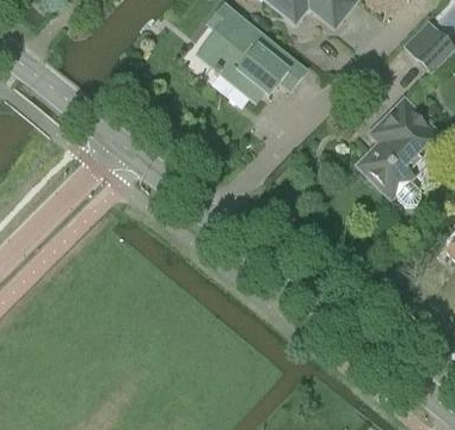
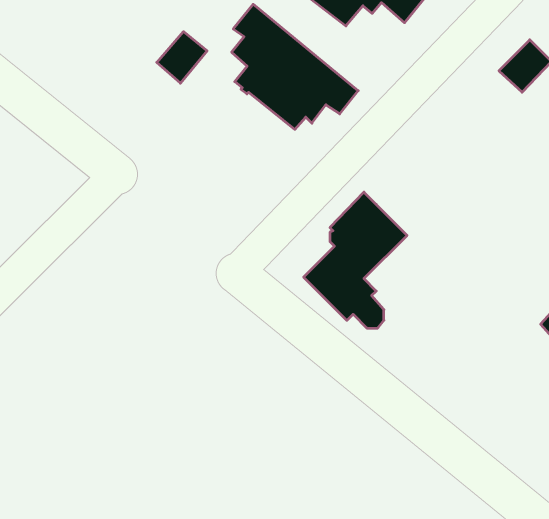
building: none -> [157,32,207,83]
building: [357,99,437,204] -> [304,192,407,328]

